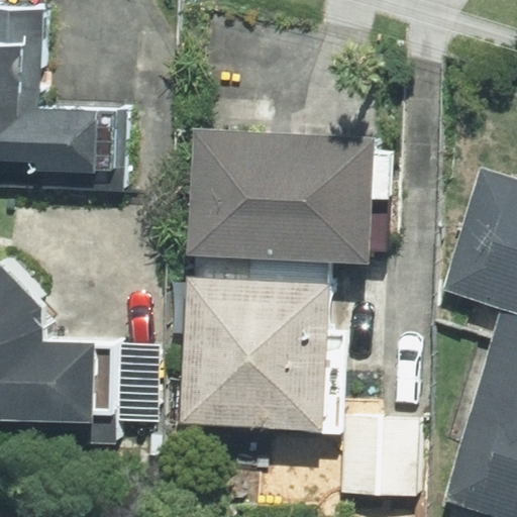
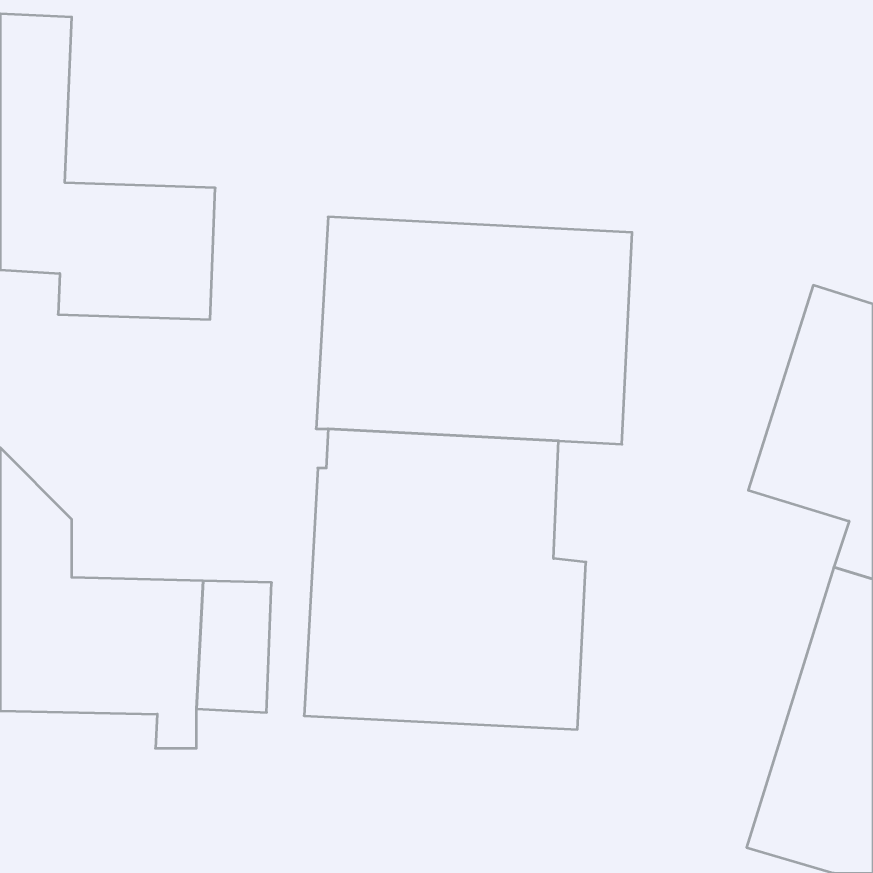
building: [342,415,419,494] -> none

